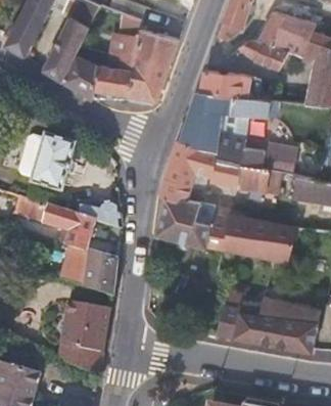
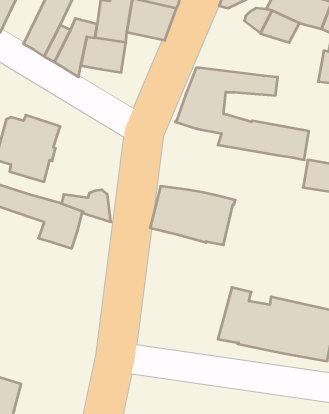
building: [131,60,170,101] -> none
building: [200,70,261,99] -> none
building: [161,139,283,200] -> none
building: [222,214,298,262] -> none
building: [62,247,119,297] -> none
building: [58,302,111,377] -> none

